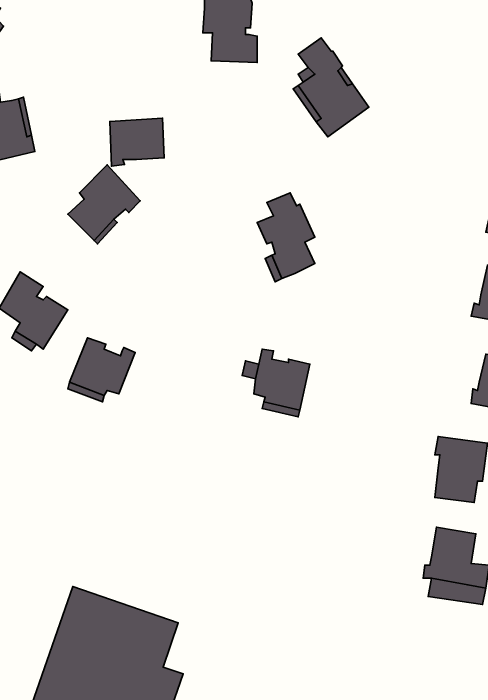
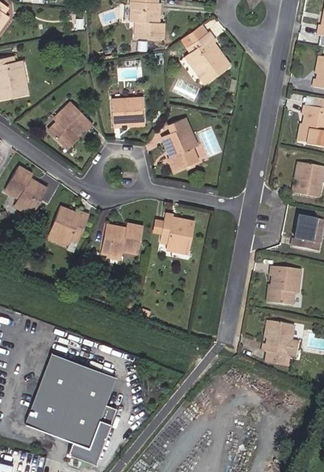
building: [110,118,164,166] -> [111,98,144,127]
building: none -> [100,223,142,255]

